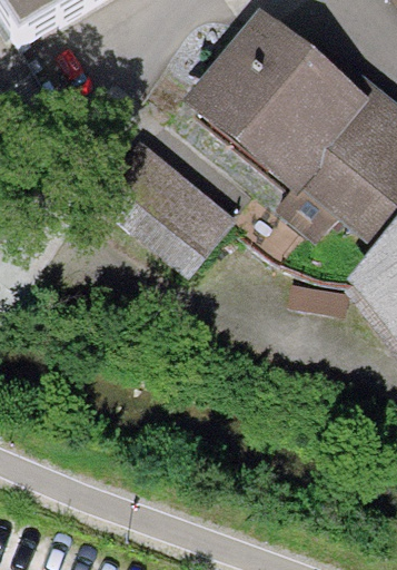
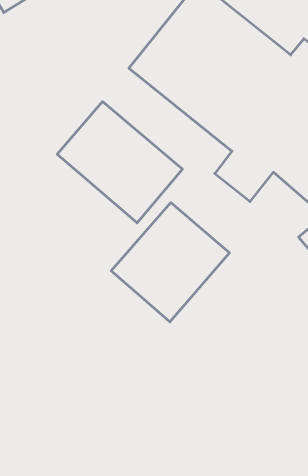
building: none -> [111,203,229,322]

